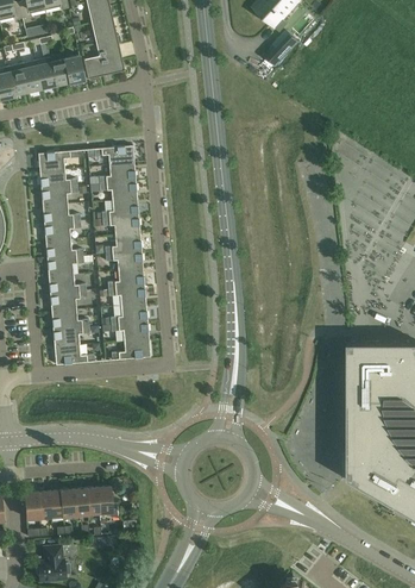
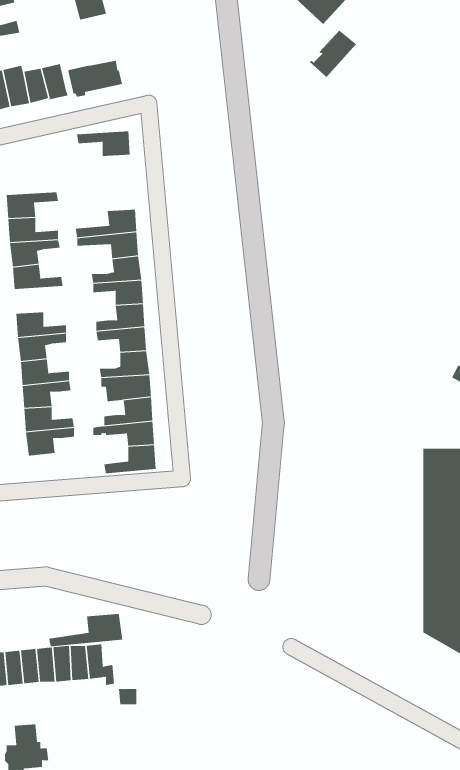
building: [93,19,121,57] -> none
building: [94,146,134,165] -> [76,131,131,157]
building: [44,221,81,242] -> none
building: [55,345,94,365] -> none
building: none -> [49,613,123,647]

